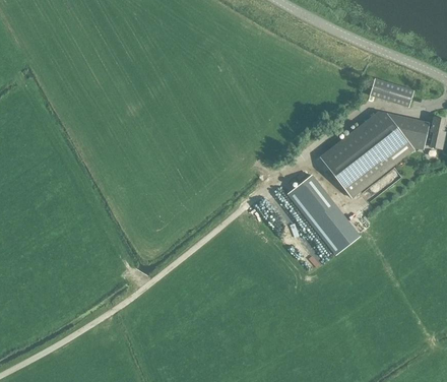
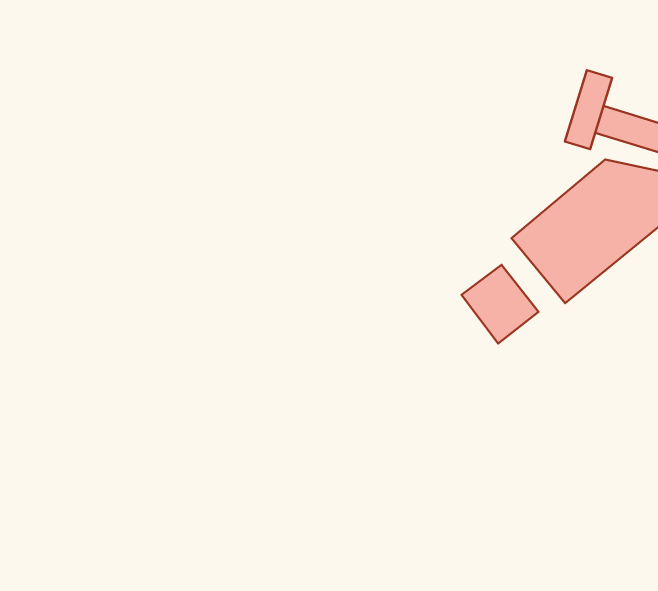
building: none -> [565,70,612,149]
building: [310,203,360,254] -> none

